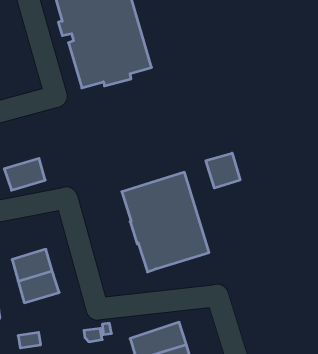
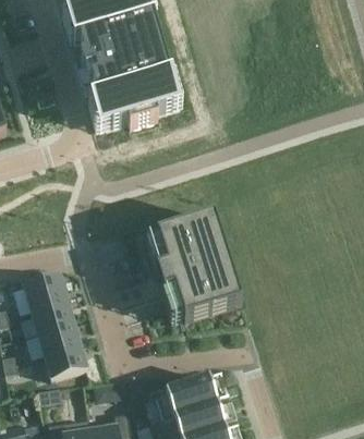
building: [206,153,240,188] -> none
building: [4,158,45,190] -> [23,277,66,310]
building: none -> [44,345,87,379]

